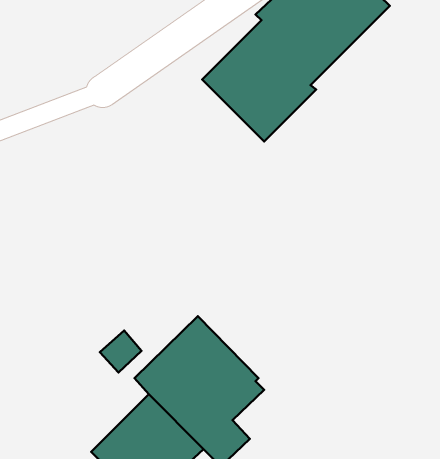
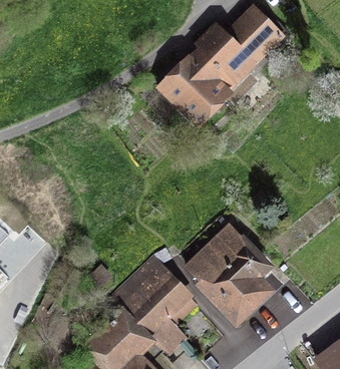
building: none -> [183,224,276,332]

